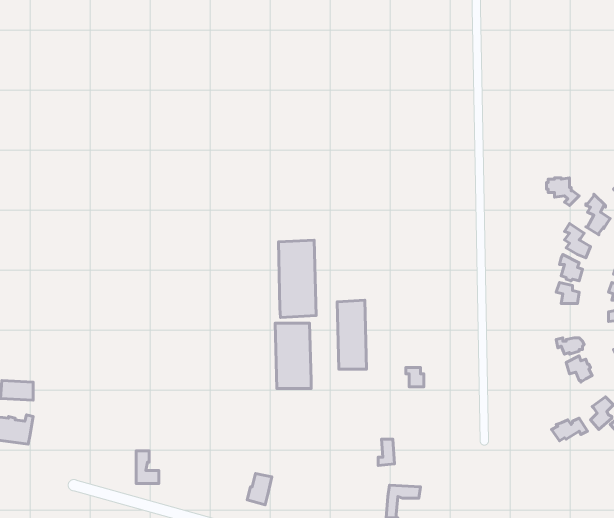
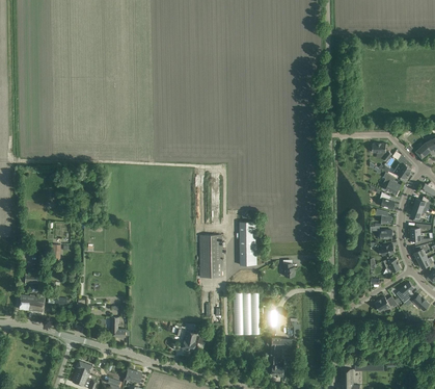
building: [279,240,316,317] -> none
building: none -> [234,292,261,335]

